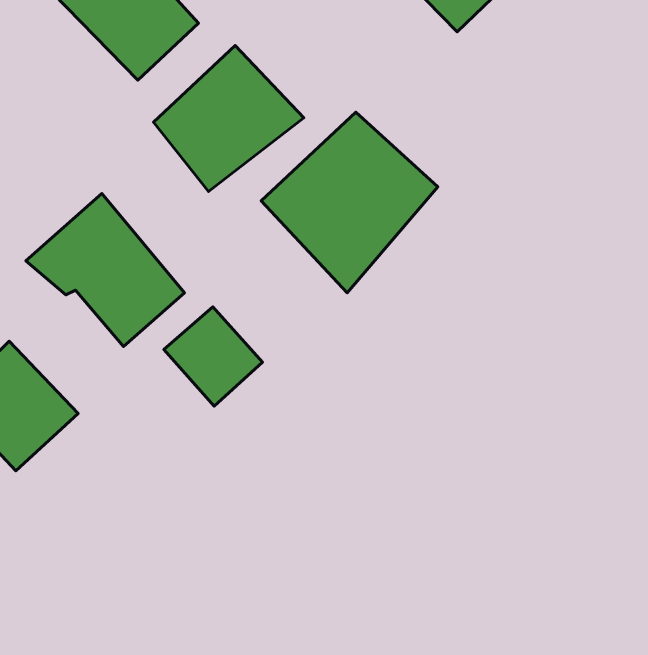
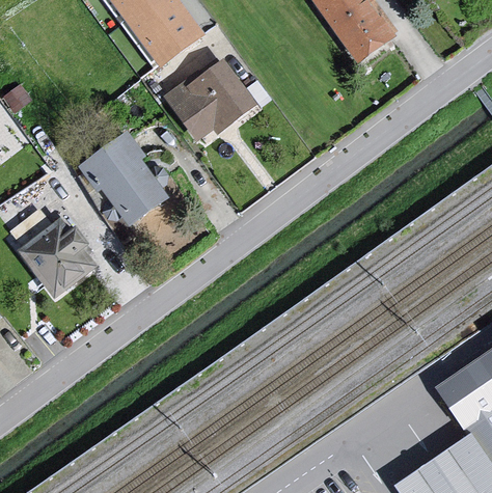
building: [261,112,438,293] -> none
building: [164,307,262,406] -> none

